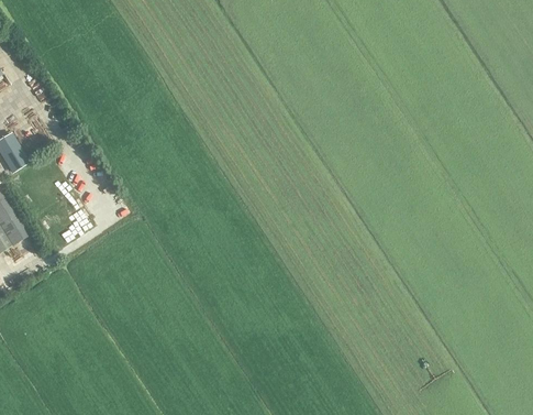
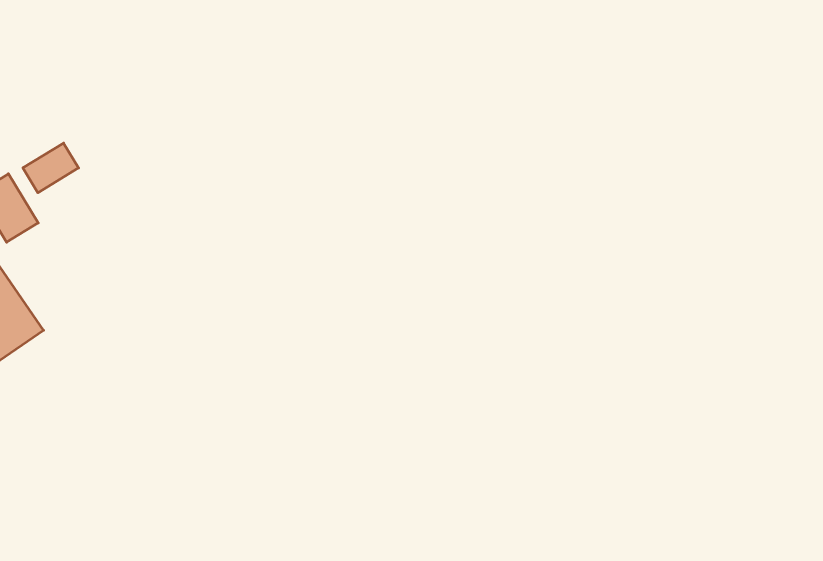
building: none -> [23,143,79,193]

